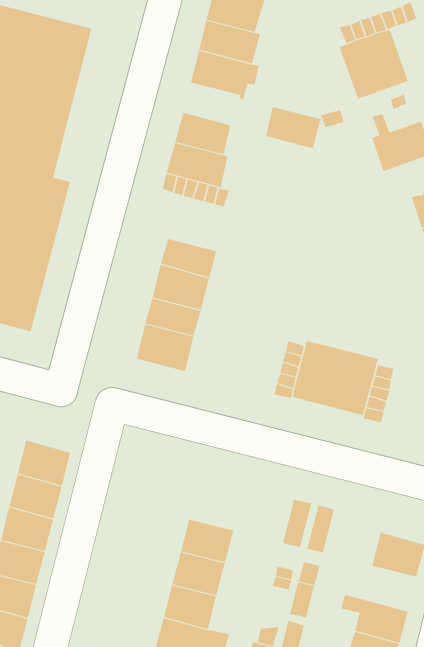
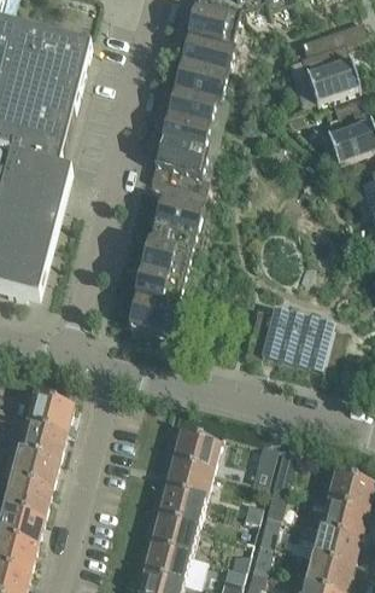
building: [265,106,322,149] -> [168,87,216,123]
building: none -> [154,193,204,231]
building: none -> [172,429,219,469]
building: none -> [305,495,367,537]

